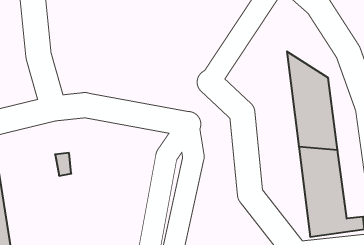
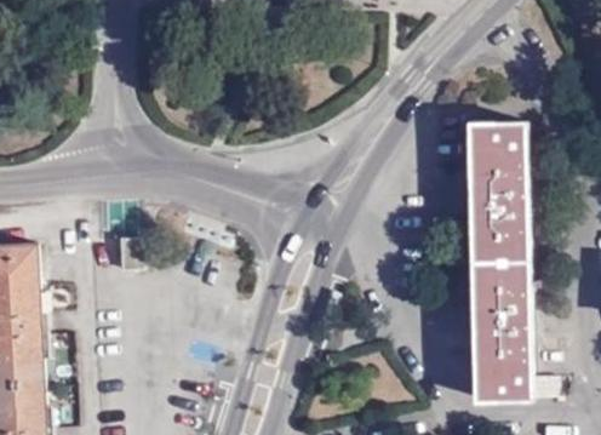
building: none -> [469,125,525,173]

